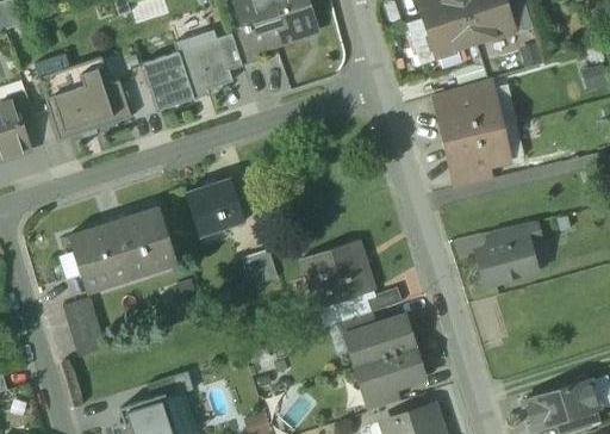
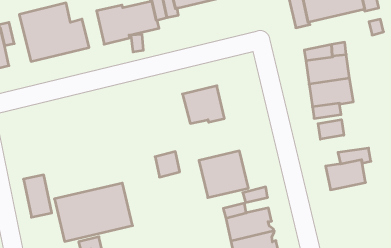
building: [185,178,245,232] -> [182,86,224,123]
building: none -> [318,120,344,139]
building: [68,206,179,293] -> [54,183,133,241]

